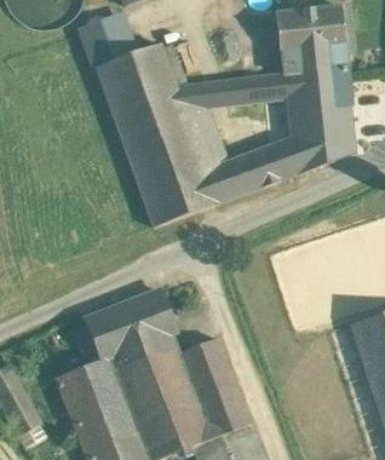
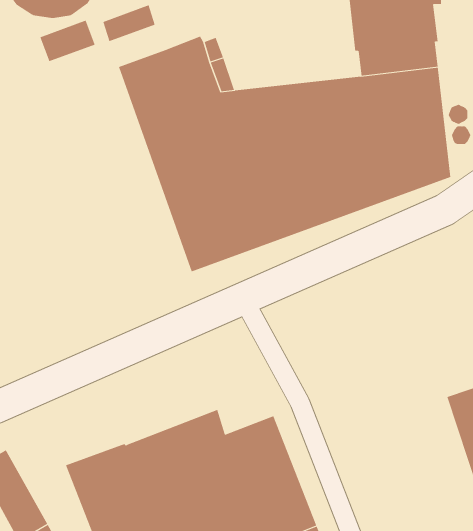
building: [90,34,133,67] -> [39,20,95,62]
building: [86,289,177,361] -> none

